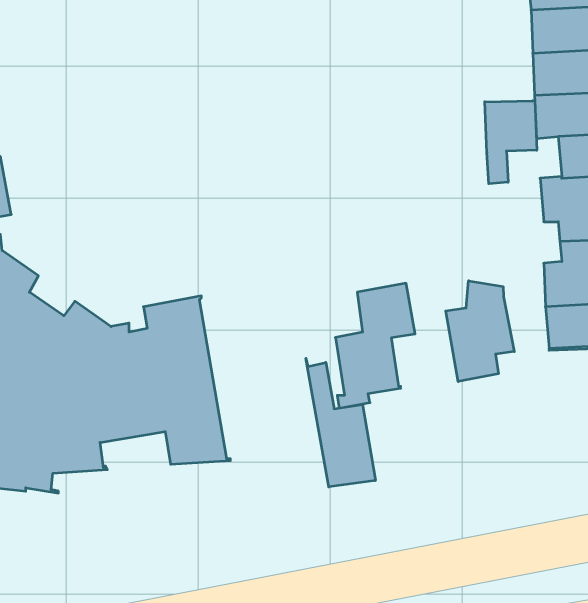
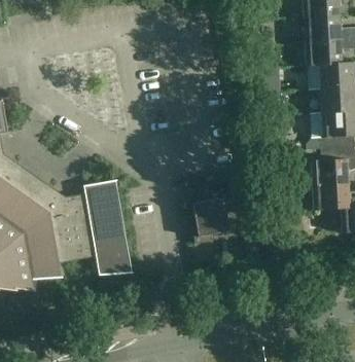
building: [485,101,537,184] -> none
building: [446,281,514,382] -> none
building: [306,358,375,487] -> none

